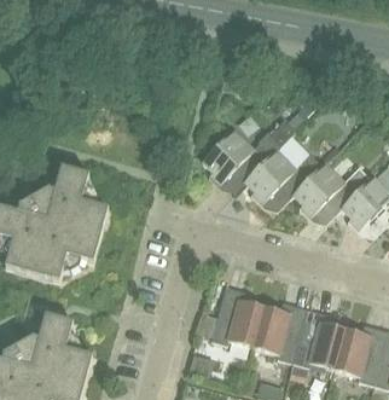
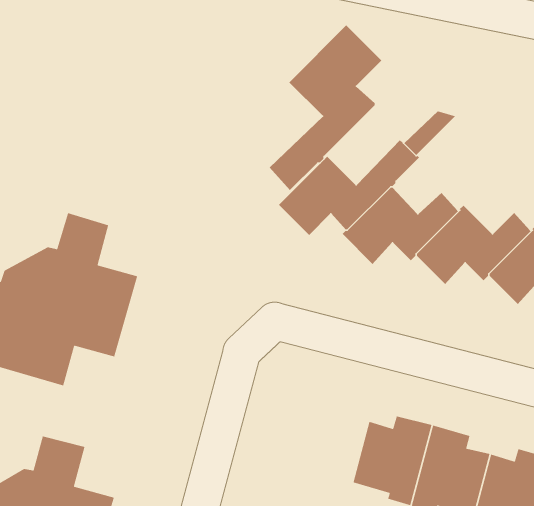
building: none -> [269,25,382,191]
building: [209,286,262,347] -> none

